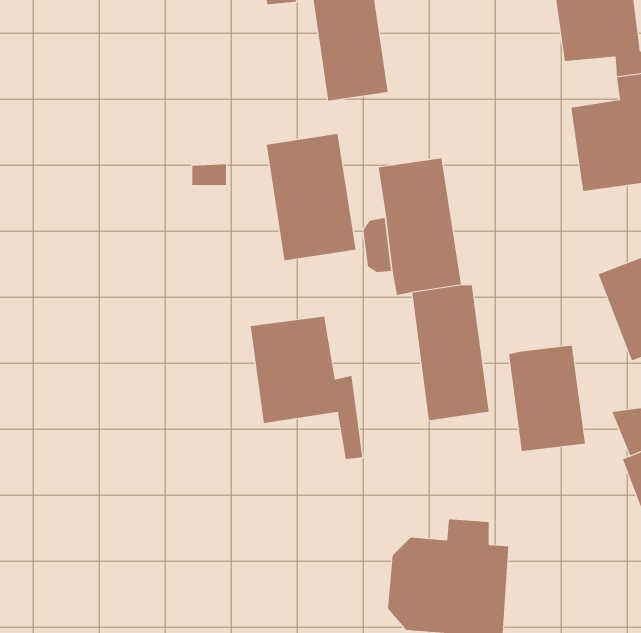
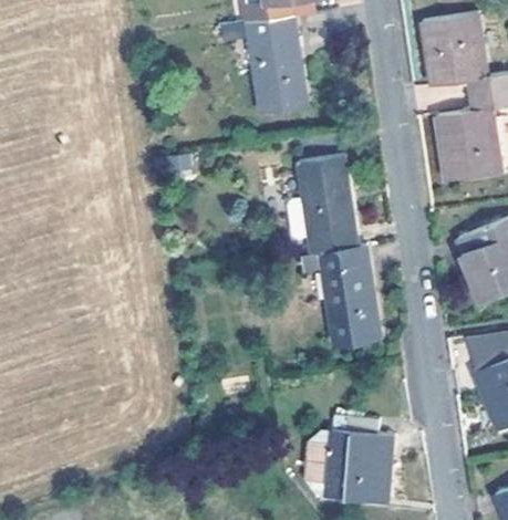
building: [266,133,356,261] -> none
building: [250,316,363,460] -> none
building: [508,345,586,452] -> none

